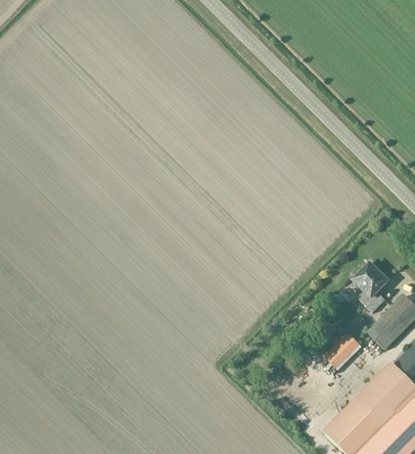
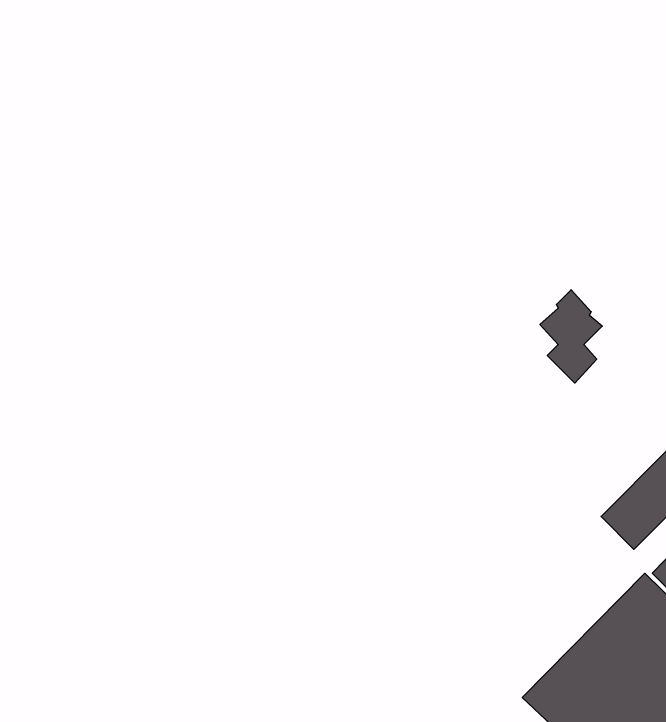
building: [353,260,387,312] -> [540,290,602,383]
building: [322,331,361,371] -> none

